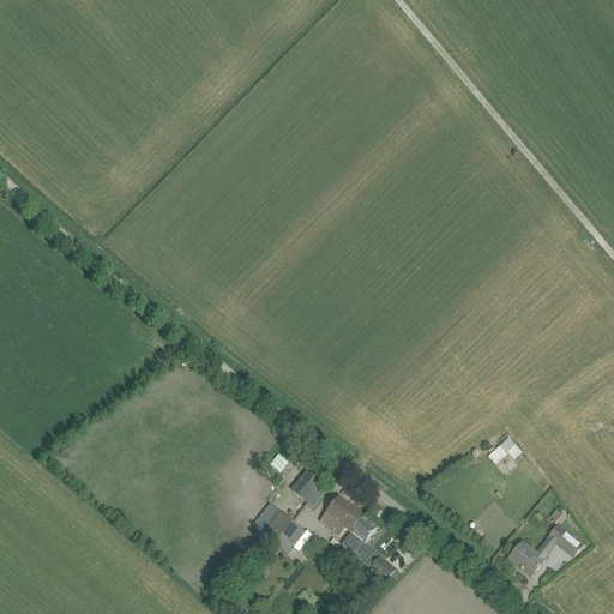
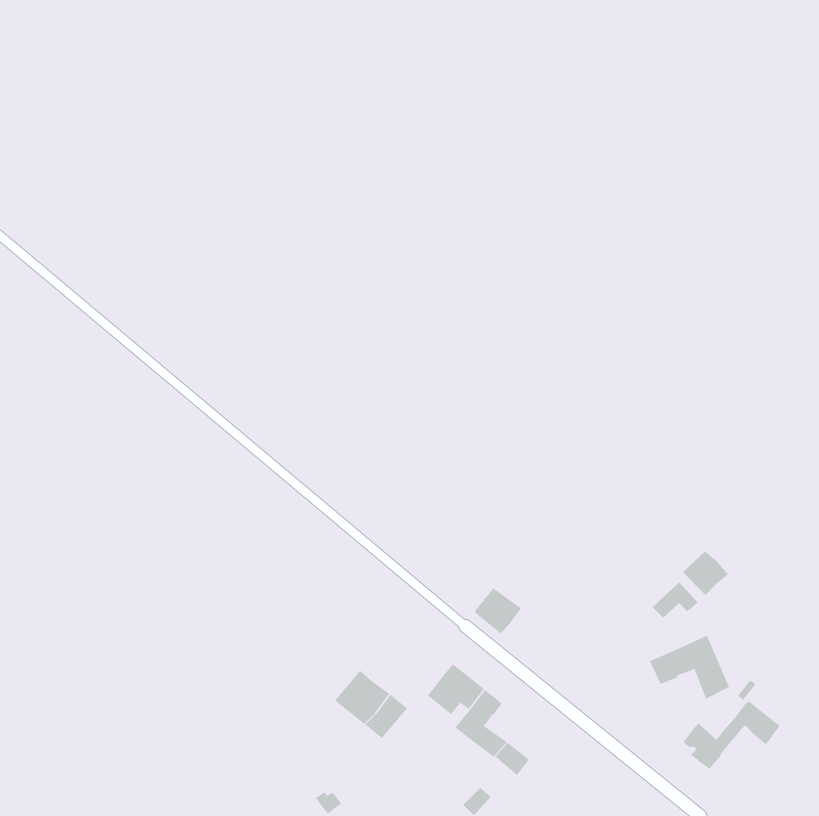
building: none -> [682,551,729,596]
building: [291,470,327,505] -> [474,588,522,634]
building: none -> [649,635,730,700]

